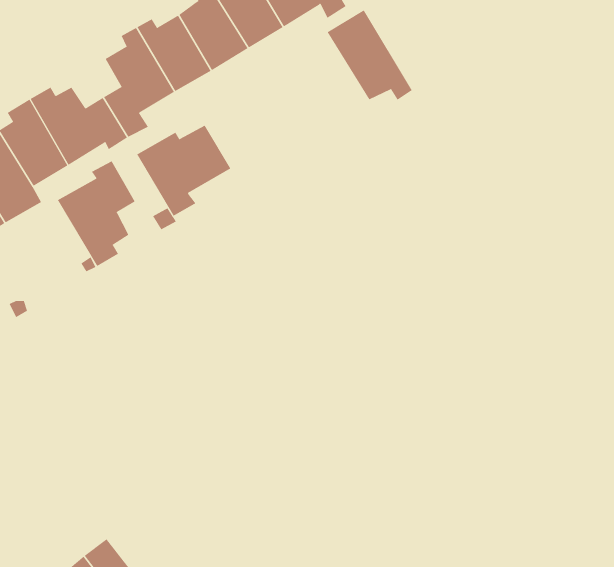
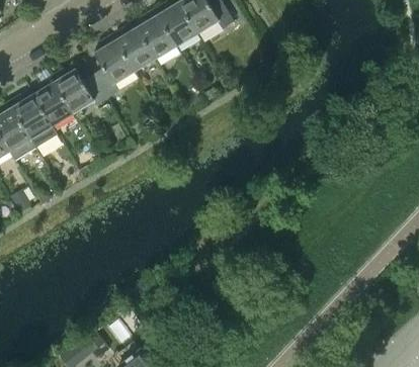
building: [327,9,412,101] -> none
building: [136,125,231,216] -> none
building: [57,160,136,267] -> none

